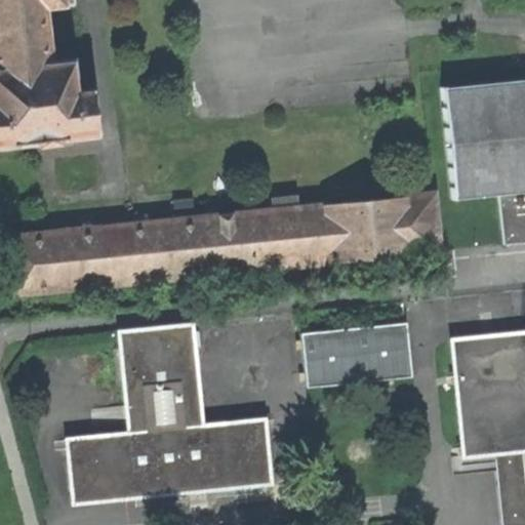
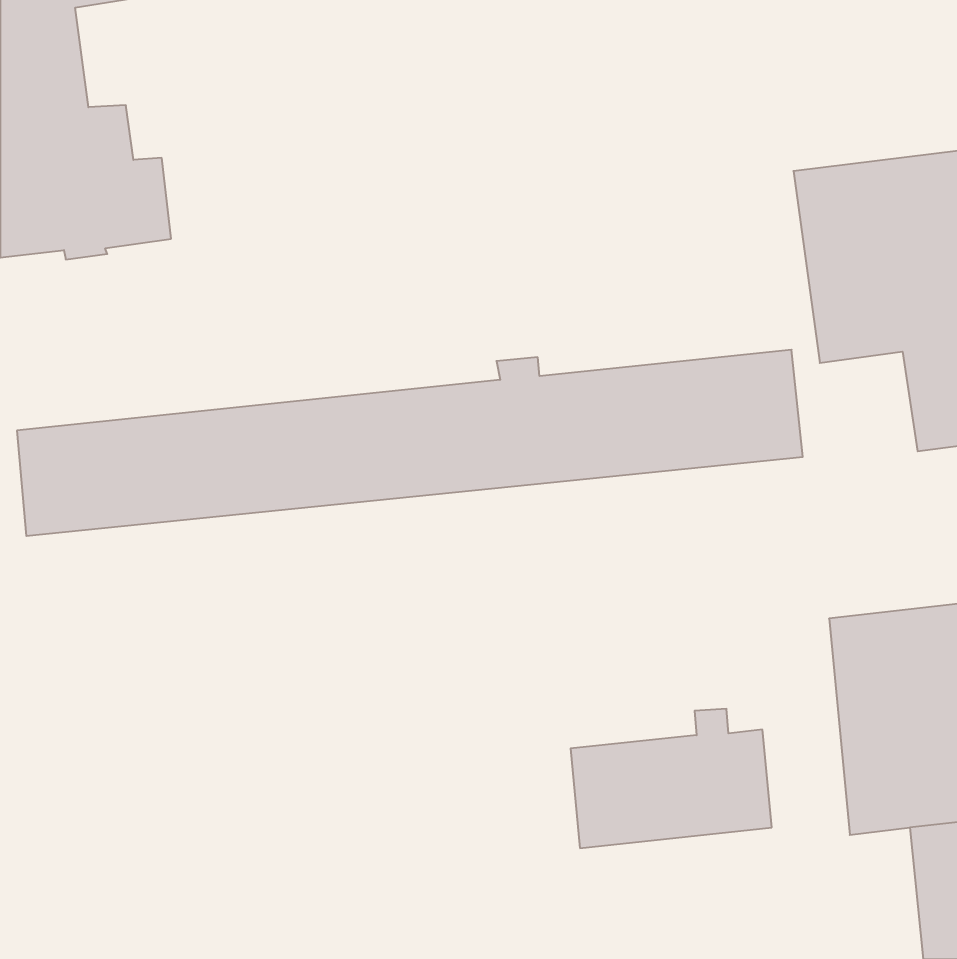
building: [305,309,414,385] -> [571,709,772,848]
building: [69,320,274,501] -> none

